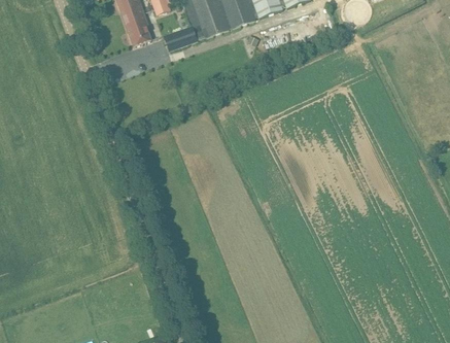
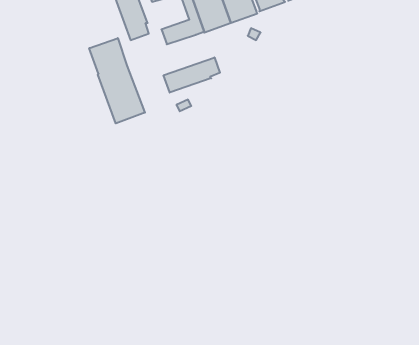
building: none -> [89,38,145,123]
building: none -> [164,57,220,93]

